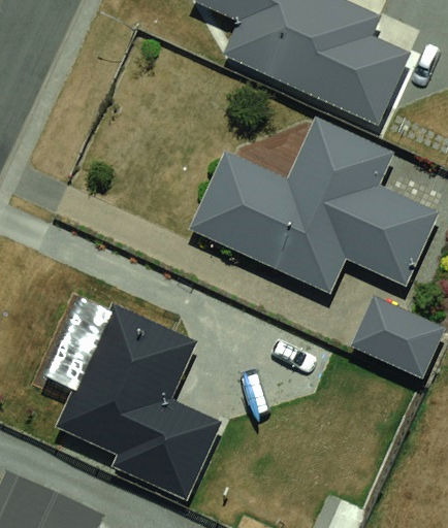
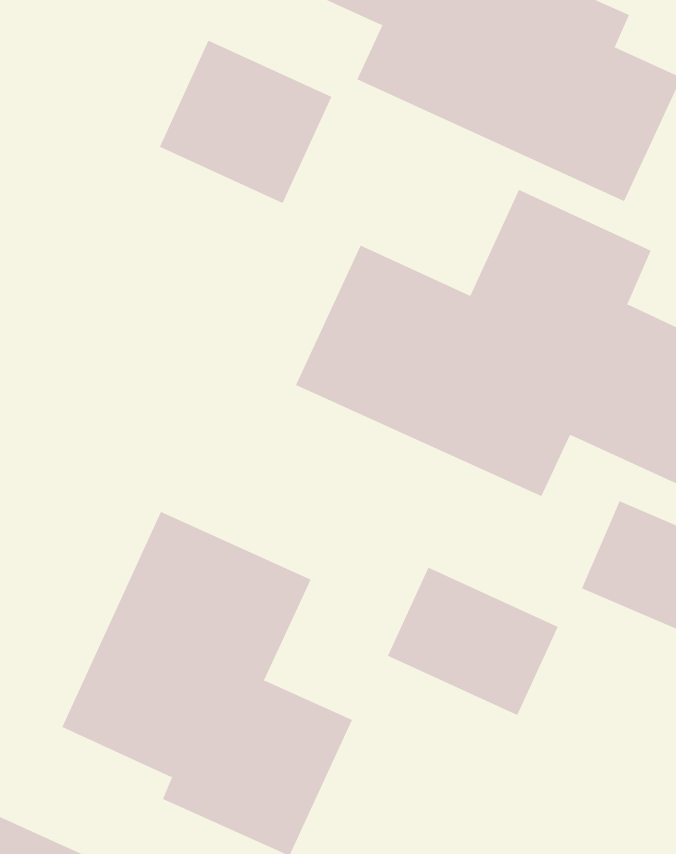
building: none -> [159,40,332,204]
building: none -> [387,567,558,716]

